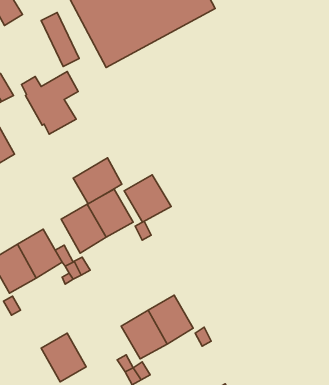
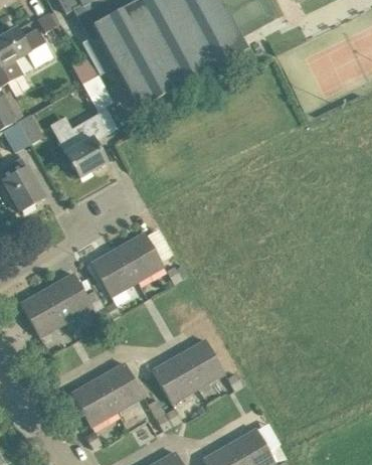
building: [73,158,122,204] -> none
building: [124,175,171,222] -> none
building: none -> [98,362,144,412]

